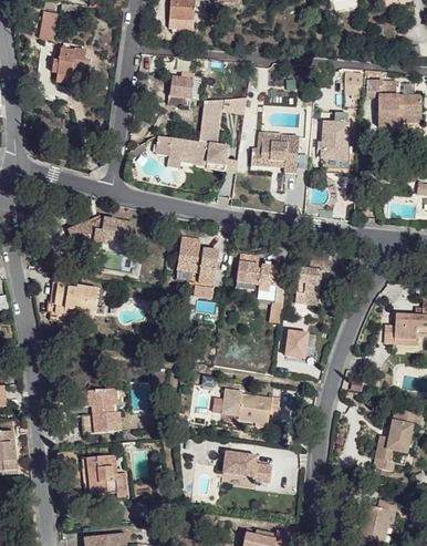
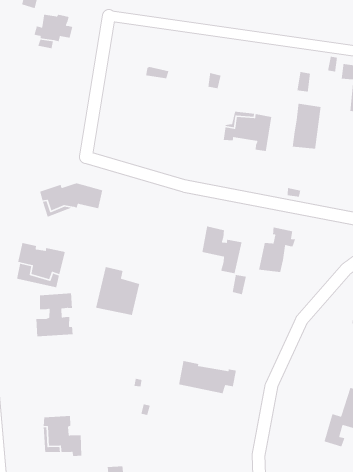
building: [171,75,202,99] -> none
building: [156,109,229,171] -> none
building: [175,236,219,285] -> [95,266,140,316]
building: [285,330,309,357] -> none
building: [82,387,122,434] -> [35,292,73,337]
building: [223,451,273,482] -> none

